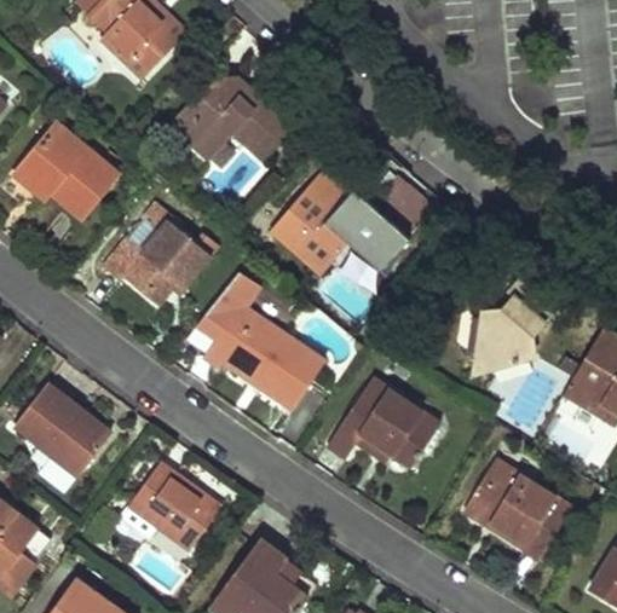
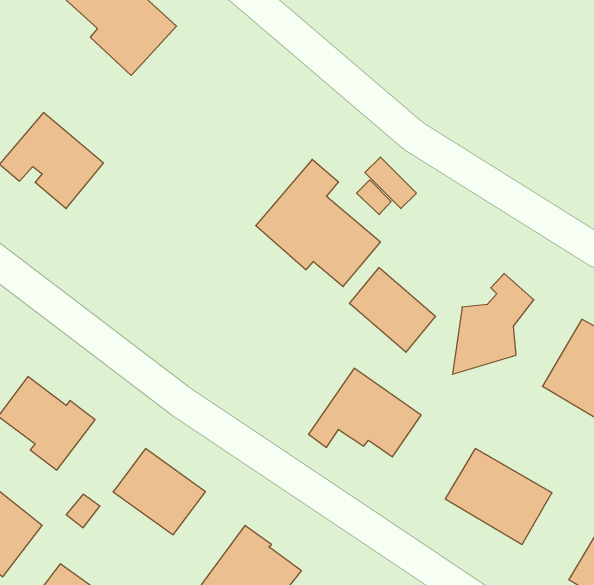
building: [179,81,301,163] -> none
building: [105,202,220,303] -> none
building: [200,270,324,407] -> none
building: none -> [349,268,435,352]

